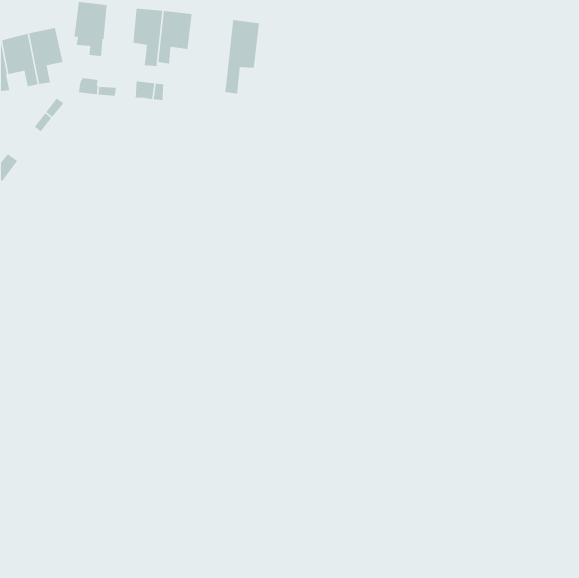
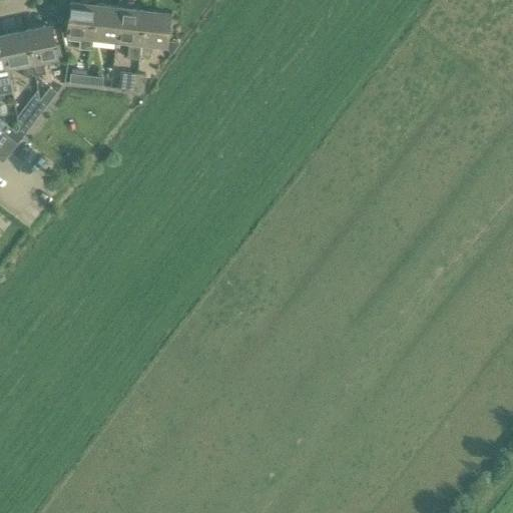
building: none -> [92,5,120,39]
building: [224,19,260,94] -> none

